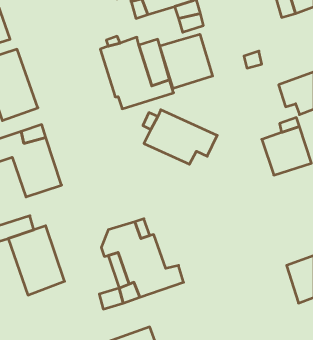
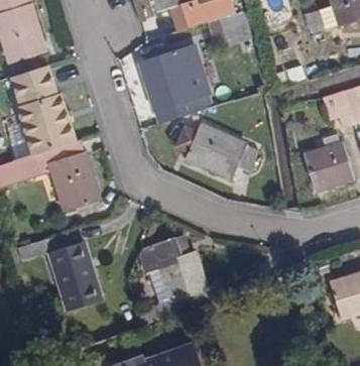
building: [160,34,213,89] -> none

